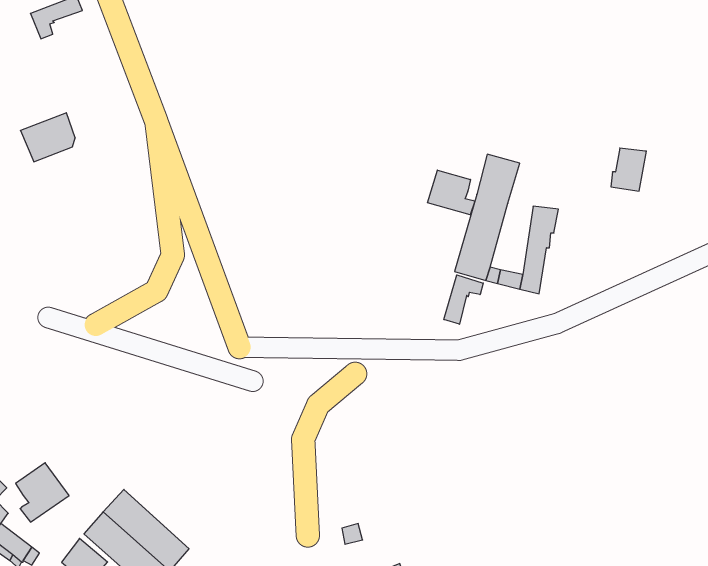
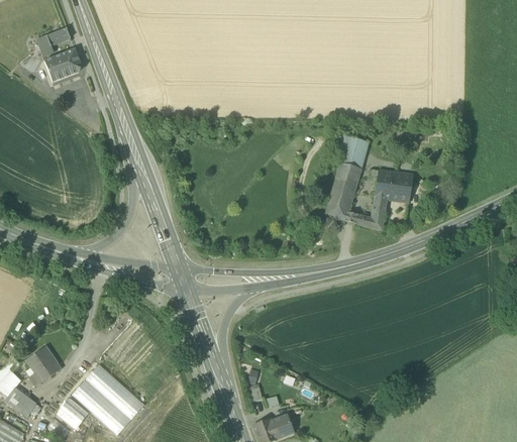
building: [20,113,75,162] -> [43,48,81,82]
building: [611,148,646,191] -> [389,173,413,202]
building: [427,170,475,215] -> none
building: [444,275,483,324] -> none

